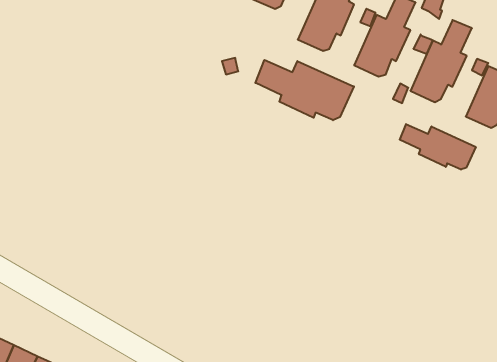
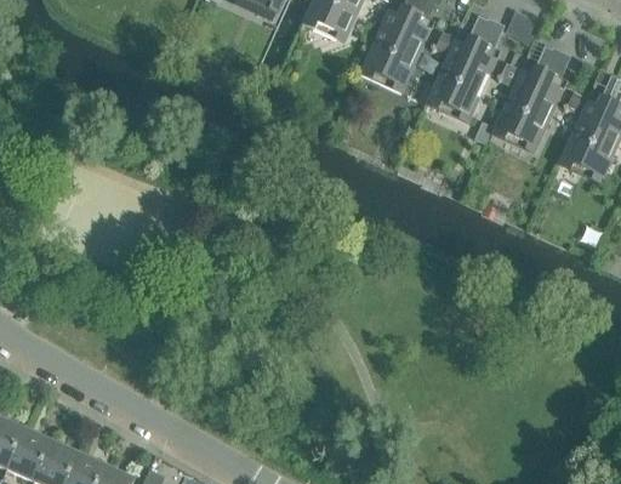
building: [255,60,354,120] -> none
building: [400,124,476,170] -> none

